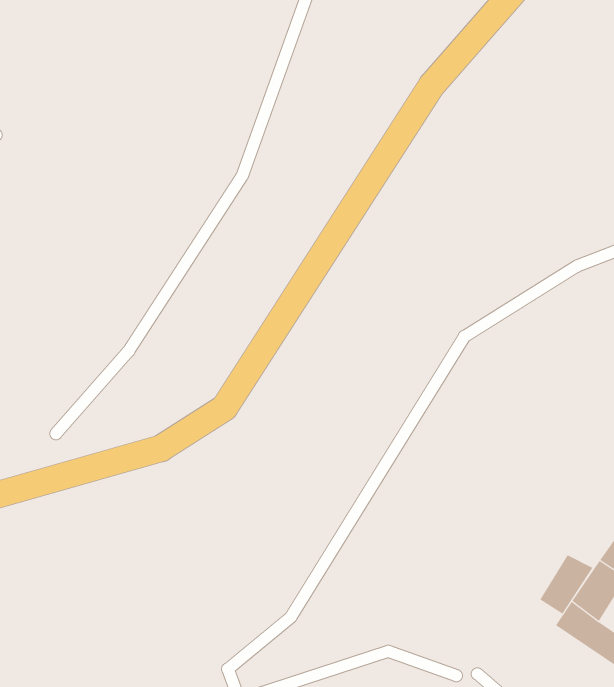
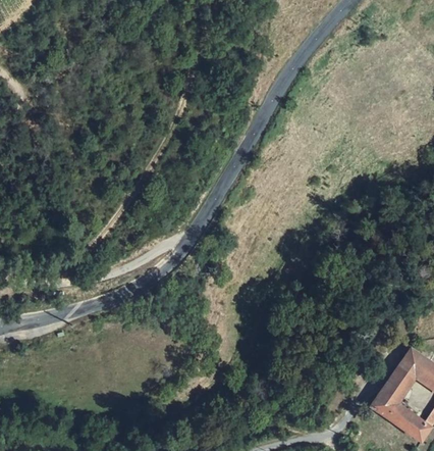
building: [539,555,593,615] -> none

